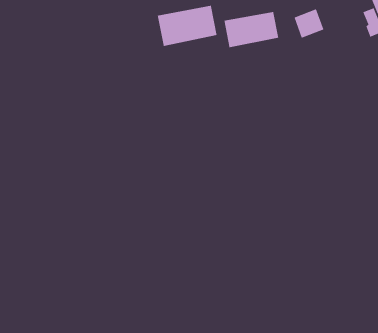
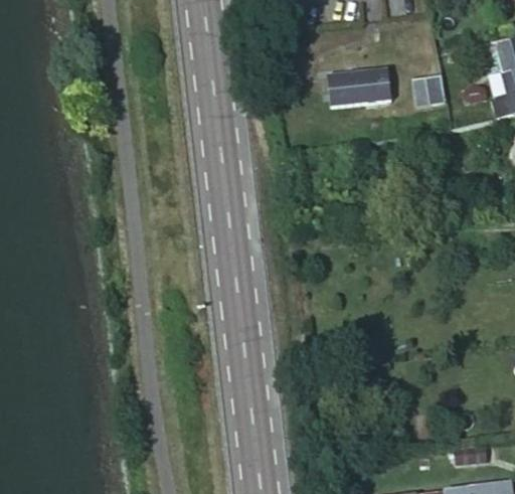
building: [157,5,217,47] -> none

